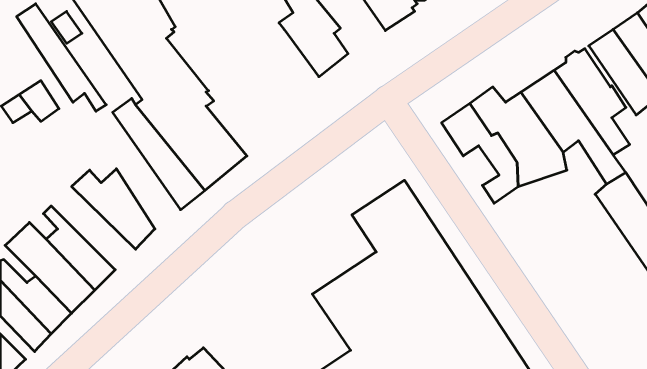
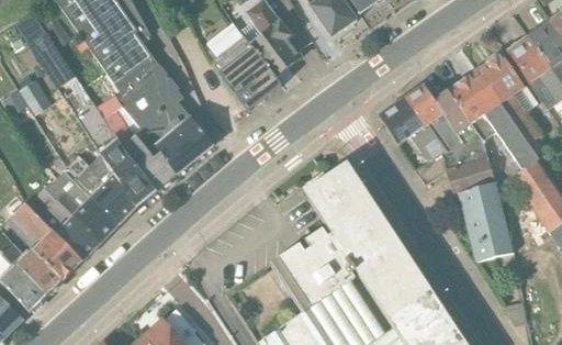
building: none -> [211,35,281,111]
building: none -> [64,90,156,207]
building: none -> [446,156,514,261]
building: none -> [45,170,117,242]

